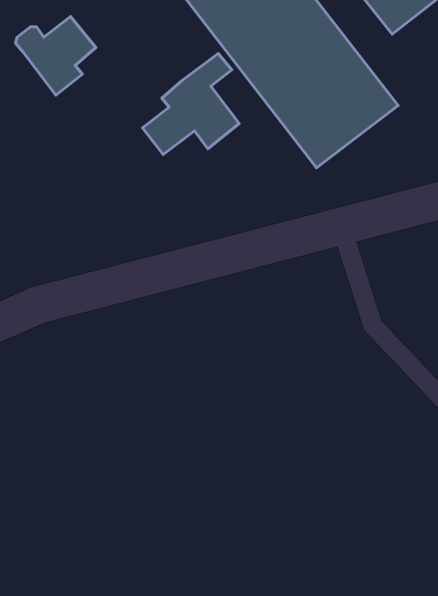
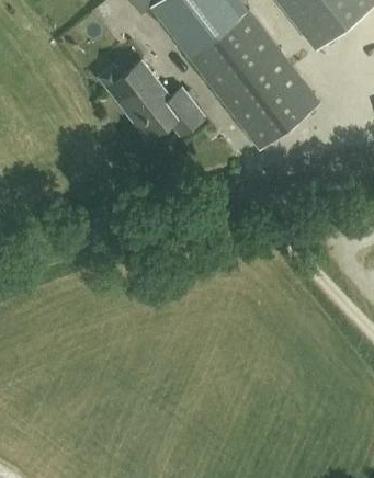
building: [16,16,96,95] -> [102,61,161,120]

